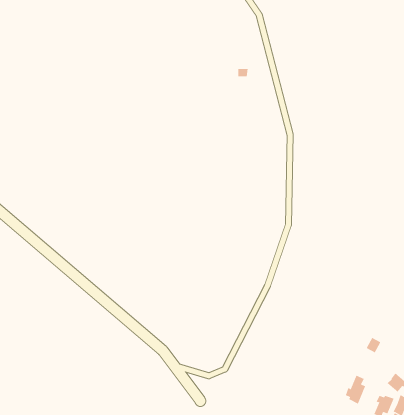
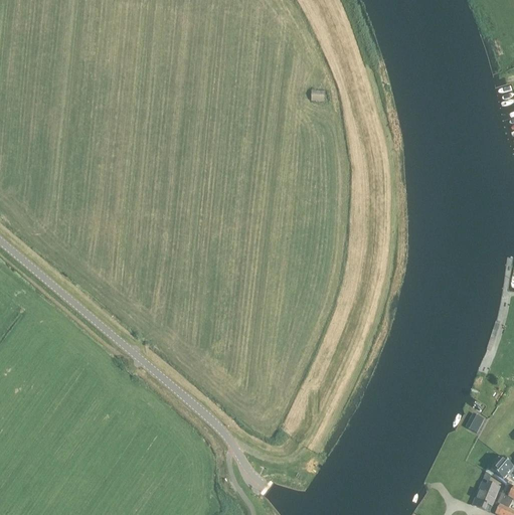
building: [345,375,366,404] -> none

